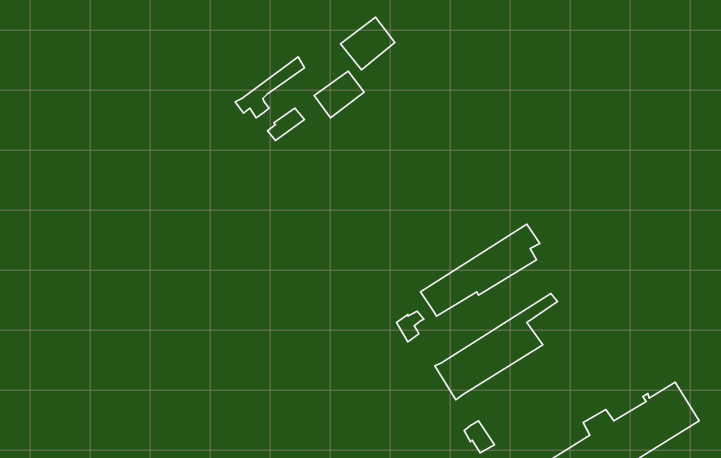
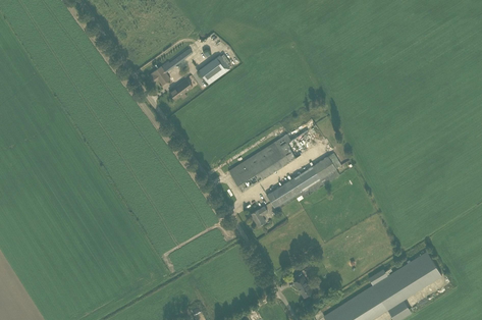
building: [340,17,395,70] -> none
building: [435,293,557,400] -> [229,123,307,191]

